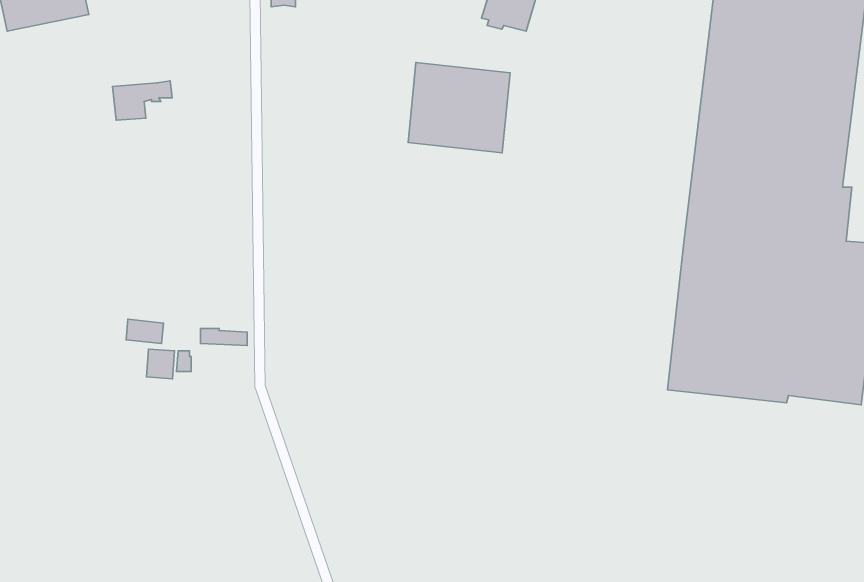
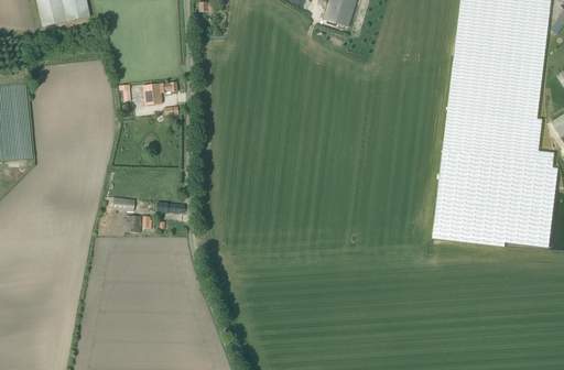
building: [408,62,510,153] -> none
building: [112,81,172,120] -> [142,81,177,105]

